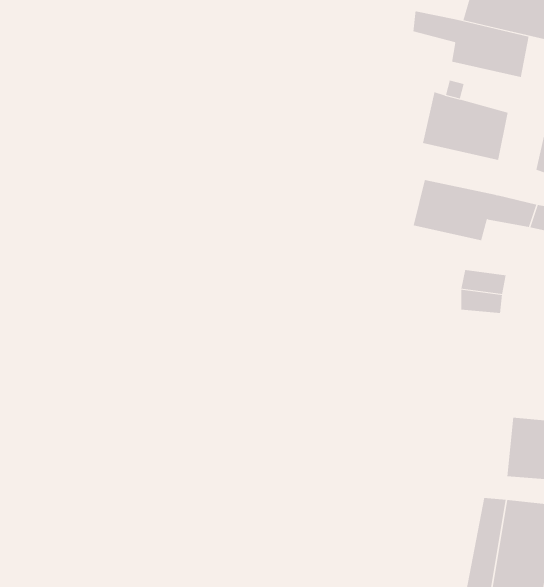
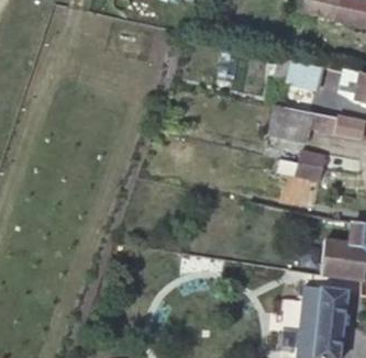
building: [413,10,529,78] -> none

